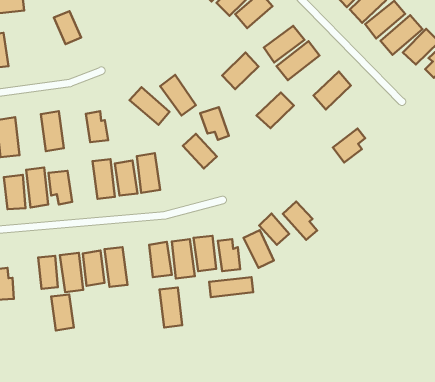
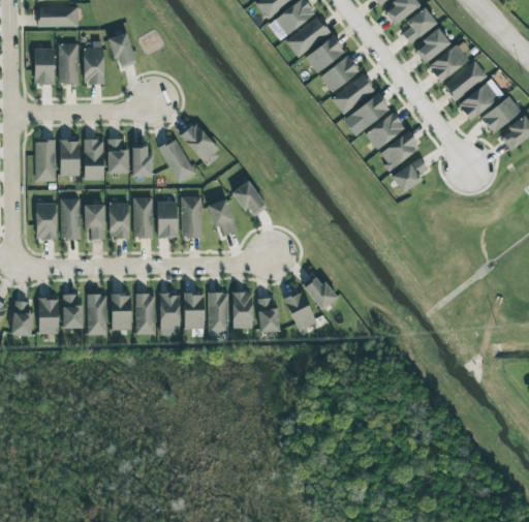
building: none -> [84,40,104,84]
building: none -> [58,42,79,83]
building: [222,53,259,89] -> [320,54,361,92]
building: [160,75,196,115] -> [159,137,195,182]
building: [257,93,294,128] -> [365,112,406,149]
building: [200,107,229,140] -> [208,199,236,235]
building: none -> [108,139,129,173]
building: none -> [60,140,80,175]
building: [333,128,365,163] -> [392,157,428,192]
building: none -> [110,202,129,238]
building: [283,201,317,240] -> none
building: [209,277,253,297] -> none
building: [160,287,182,327] -> [160,294,180,335]
building: [51,295,74,331] -> [38,297,59,334]

